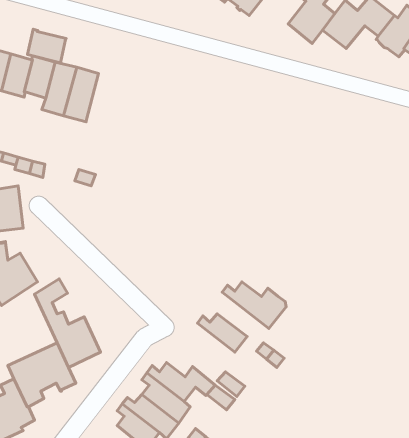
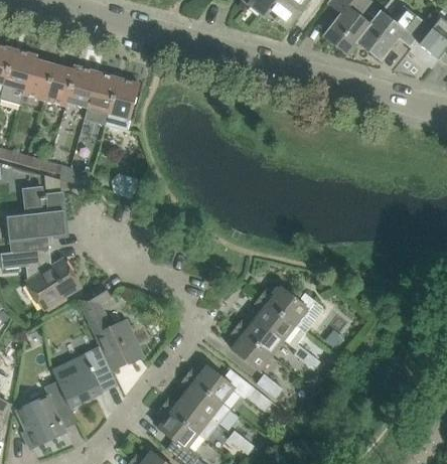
building: [27,29,66,63] -> none
building: none -> [255,296,305,346]
building: none -> [231,326,272,370]

